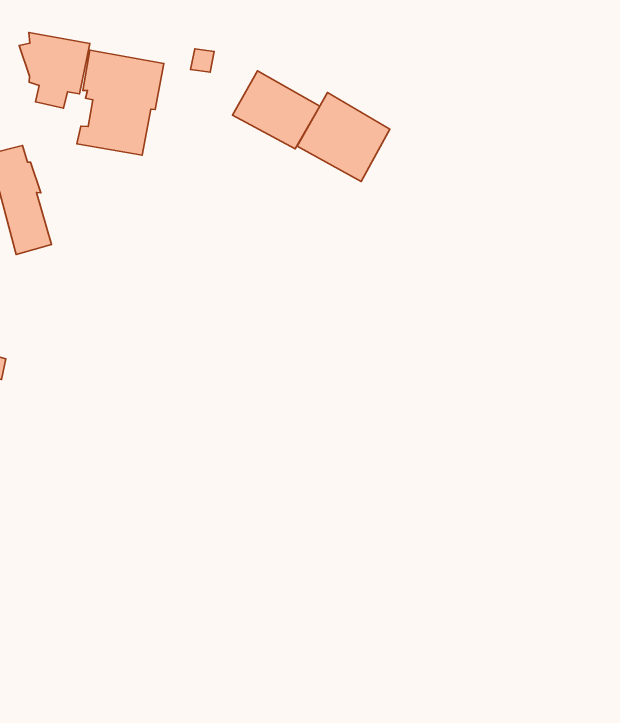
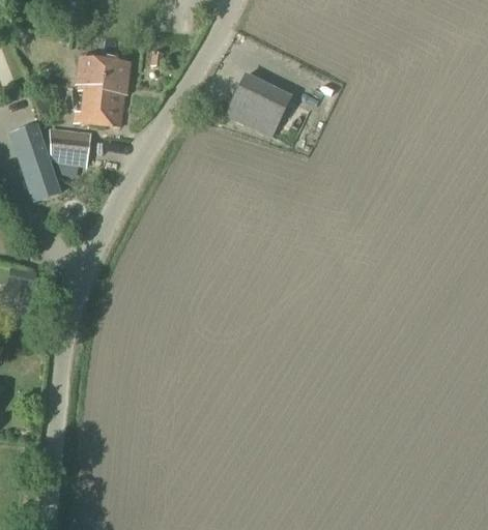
building: [19,33,90,108] -> [42,126,91,177]
building: [232,71,320,149] -> none

